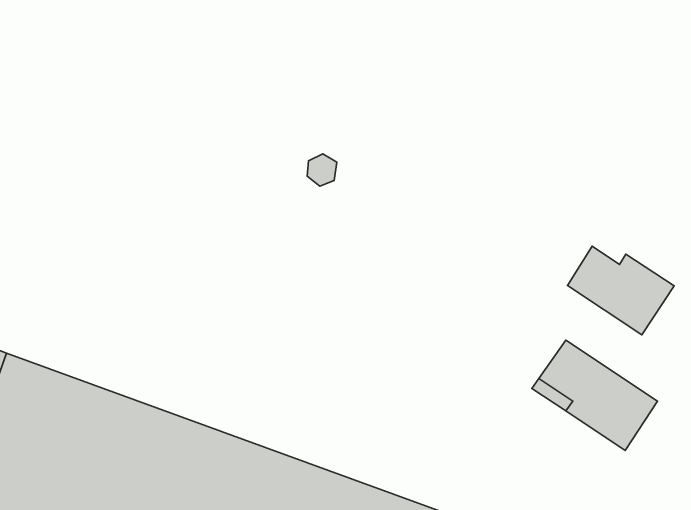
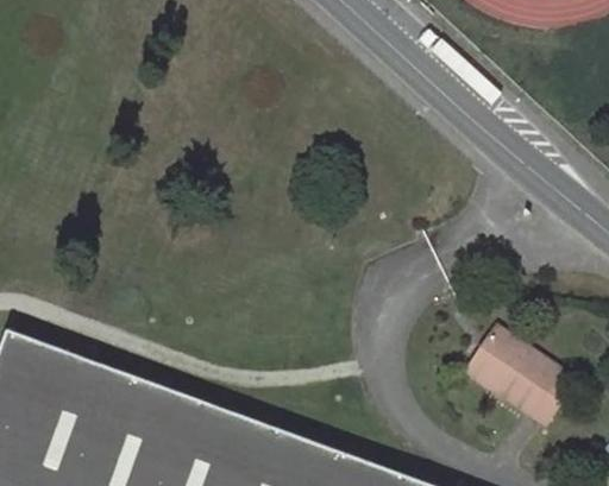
building: [567,246,674,335] -> none

